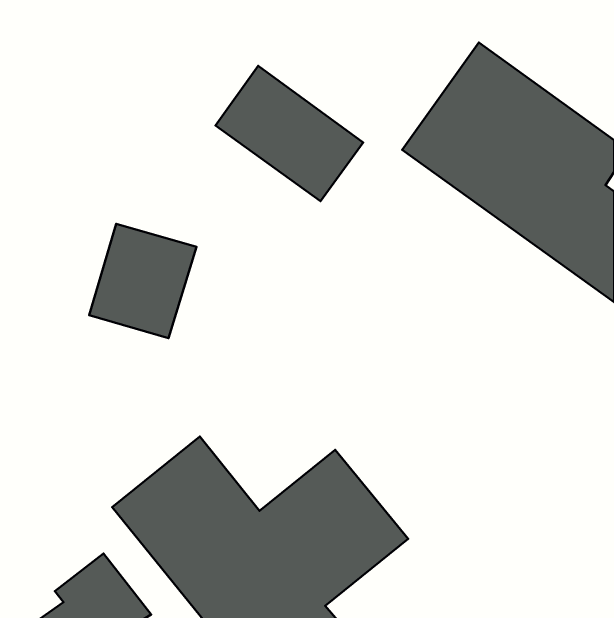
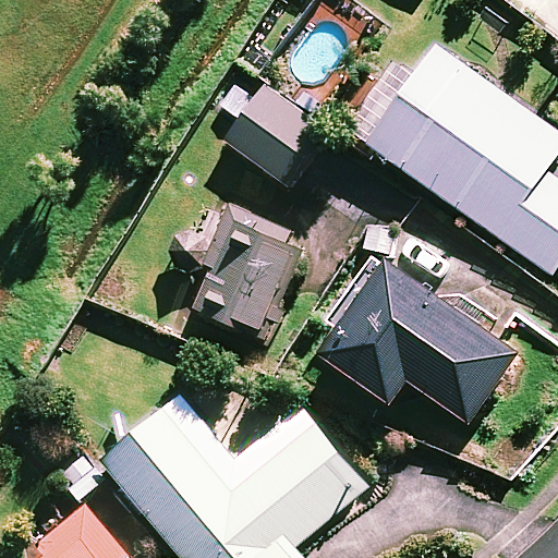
building: [89,224,196,338] -> [195,232,291,335]
building: none -> [315,251,518,418]

